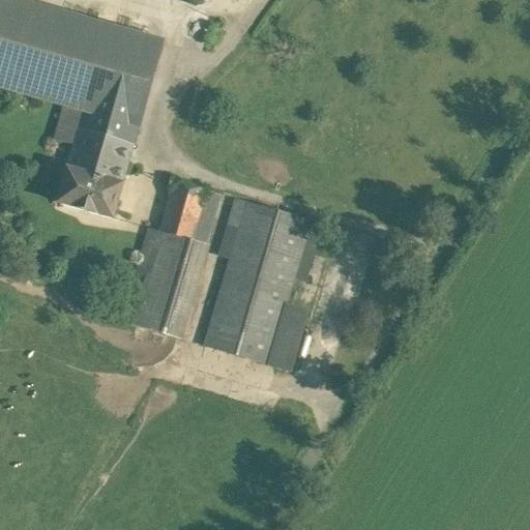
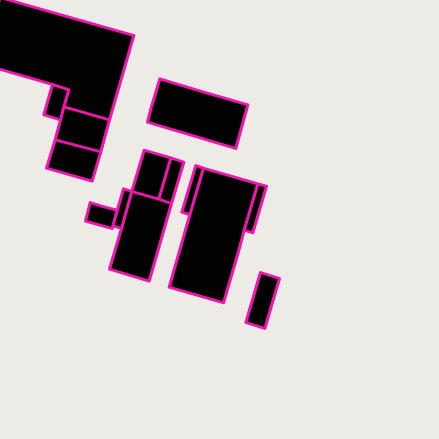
building: none -> [148,79,248,148]
building: none -> [85,203,117,229]
building: [268,303,308,371] -> [246,273,280,329]

